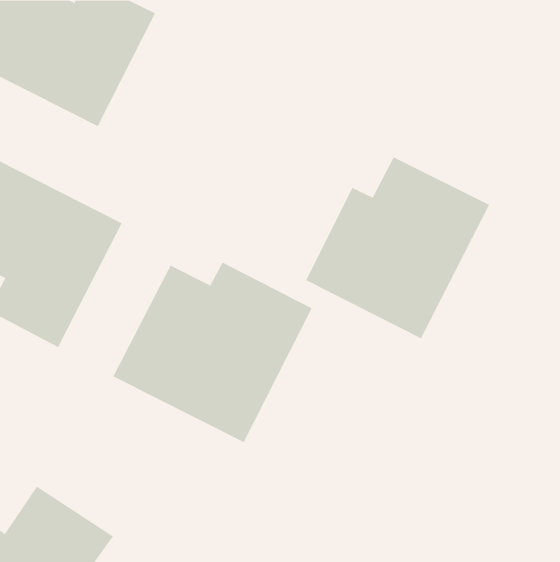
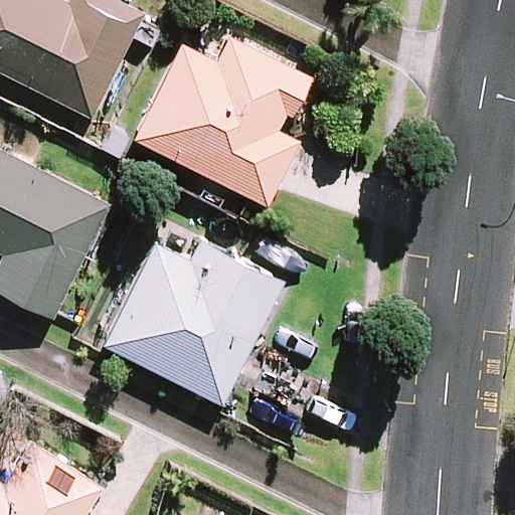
building: none -> [132,38,311,206]
building: [305,156,490,339] -> none

